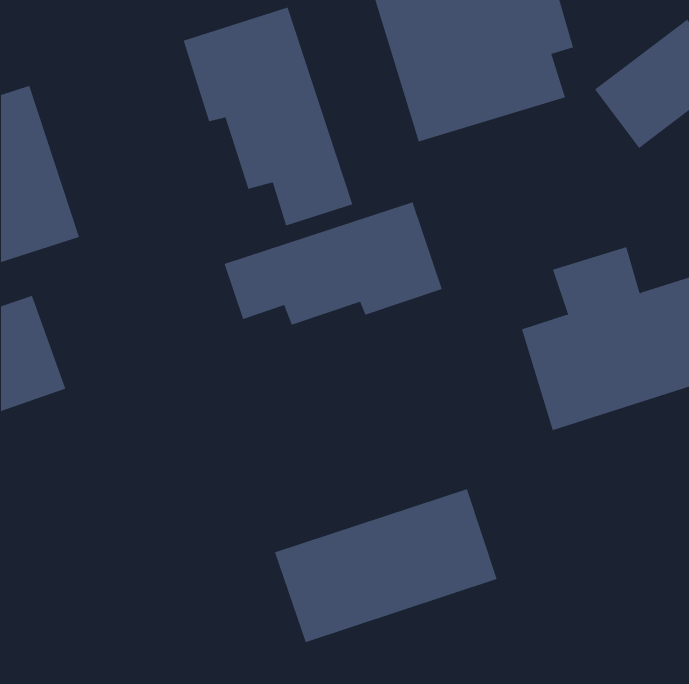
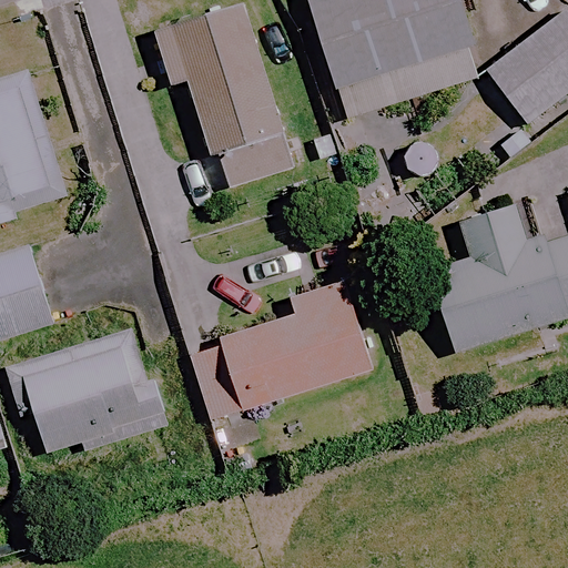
building: [224,201,442,326] -> none
building: none -> [10,329,171,450]
building: [274,489,497,643] -> [186,295,369,422]

